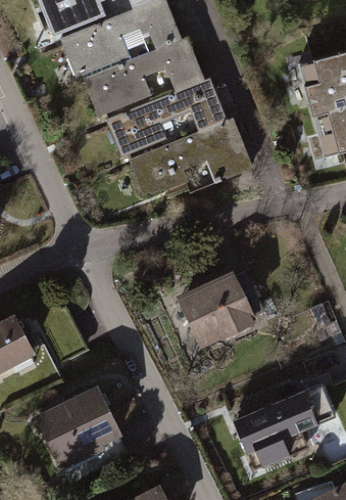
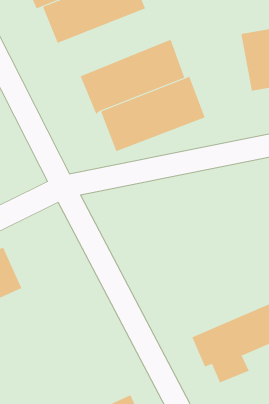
building: [83,37,202,120] -> none
building: [172,273,256,350] -> none
building: [36,390,127,473] -> none

